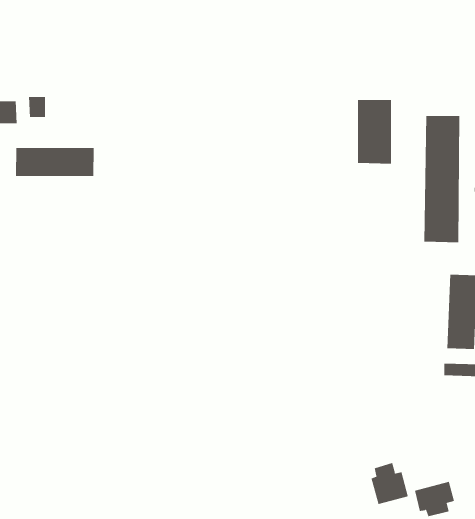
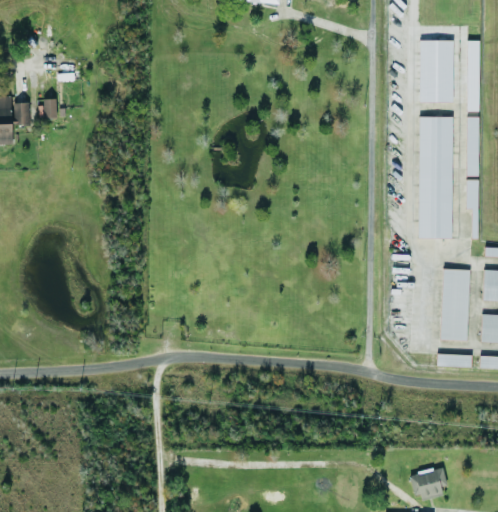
building: [357,99,392,164] -> [420,40,453,102]
building: [16,147,94,177] -> none
building: [371,462,409,505] -> none

